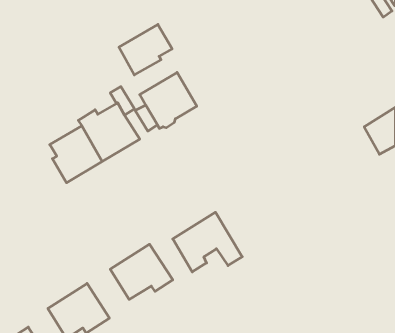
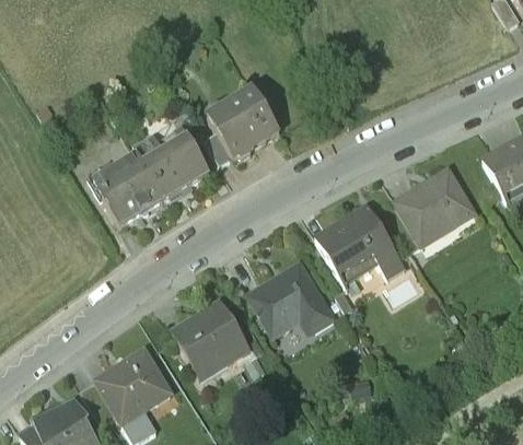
building: [119,24,172,75] -> none
building: none -> [399,168,475,237]
building: none -> [316,209,404,281]

